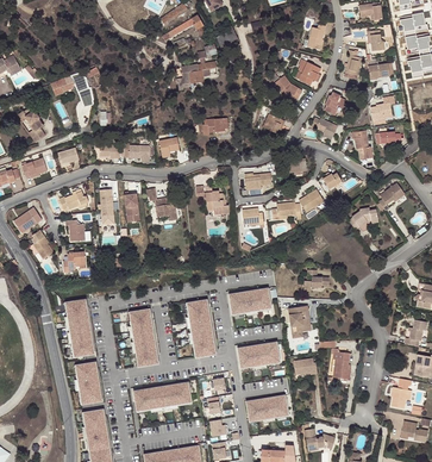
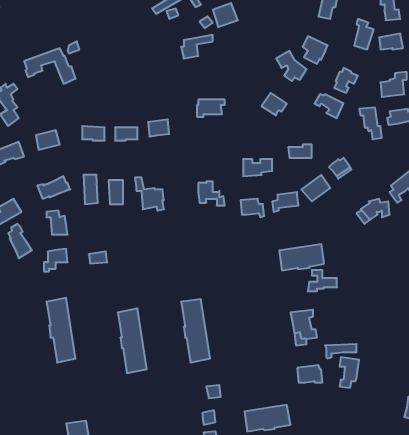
building: [228,288,269,312] -> [279,244,324,270]
building: [237,342,278,366] -> none
building: [77,362,101,404] -> none
building: [132,382,189,408] -> none

